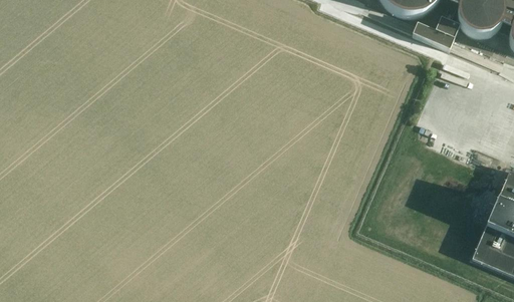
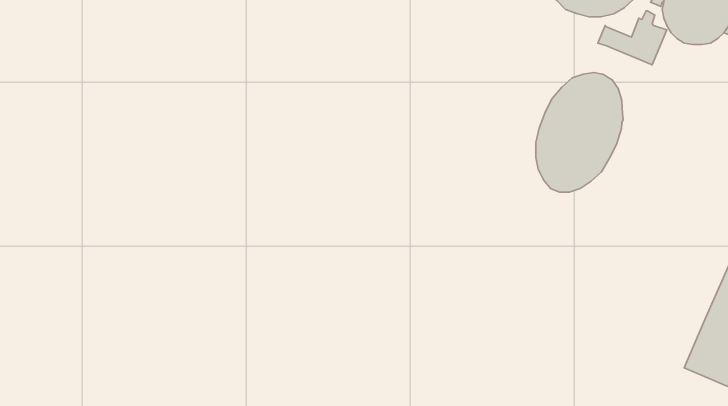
building: none -> [536,72,623,192]

